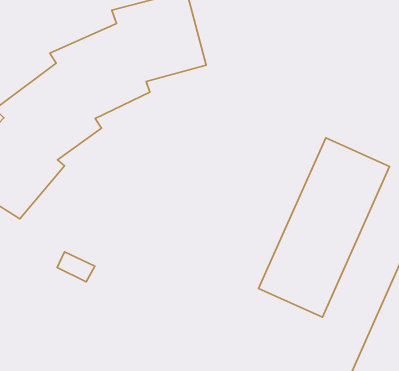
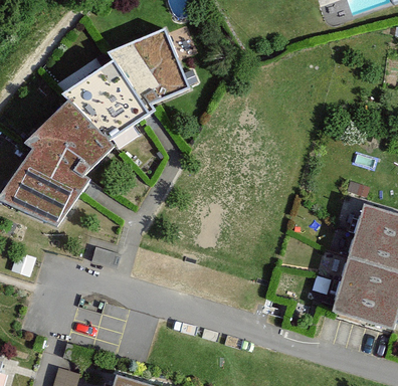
building: [259,138,389,317] -> none

